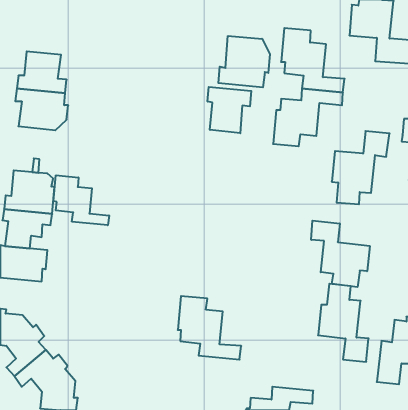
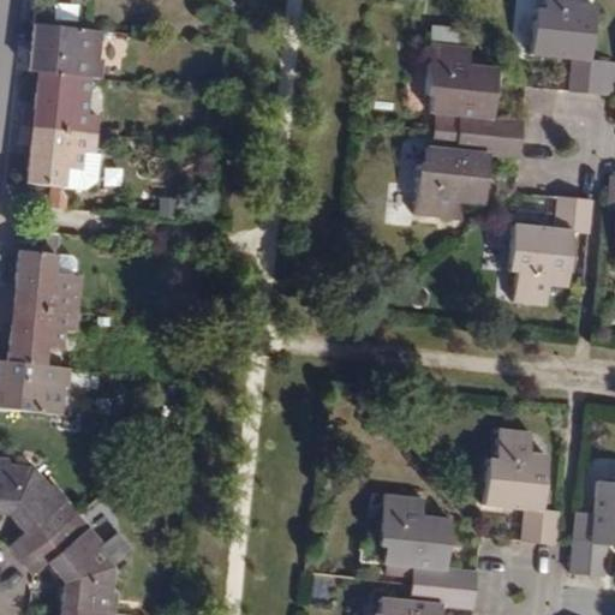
building: none -> [35,24,108,83]
building: [218,36,270,87] -> none
building: [208,87,251,133] -> none
building: [53,175,109,225] -> none
building: [311,221,370,287] -> none
building: [178,296,241,360] -> [380,489,474,584]

